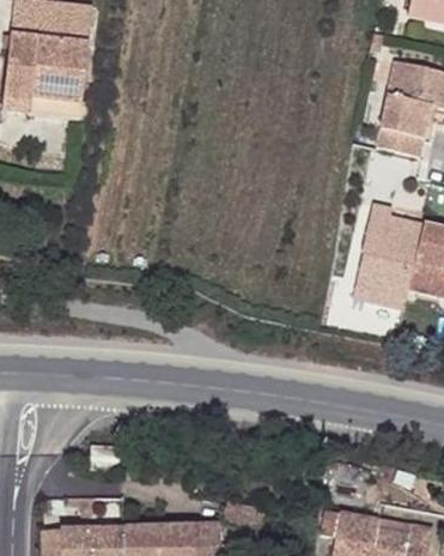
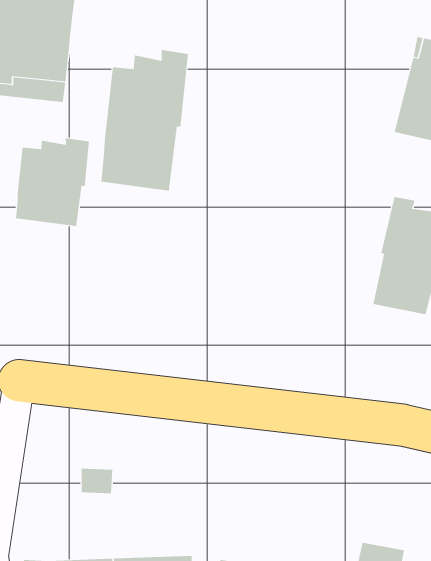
building: none -> [101,49,188,192]
building: none -> [16,137,90,227]

